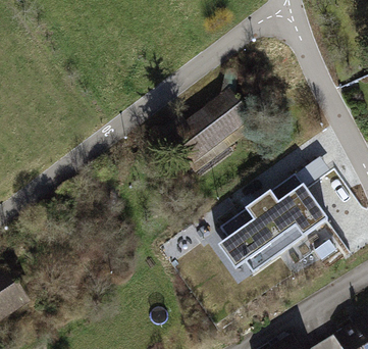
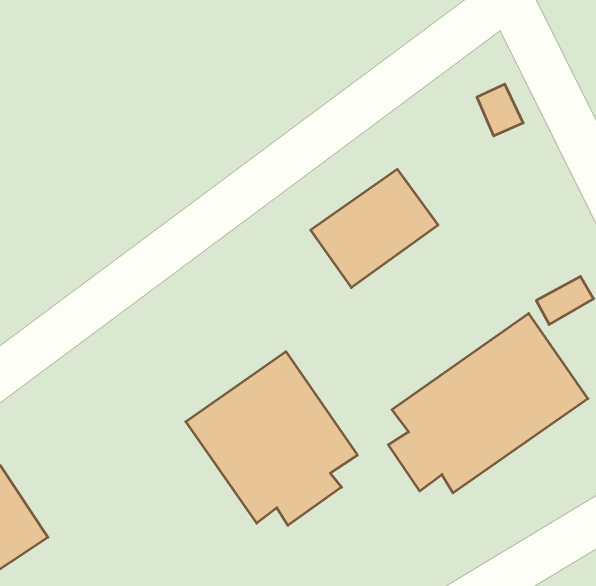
building: none -> [186,352,357,525]

